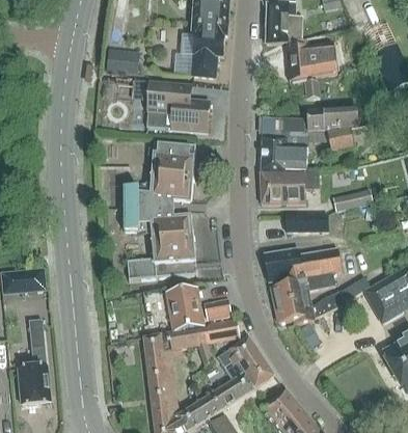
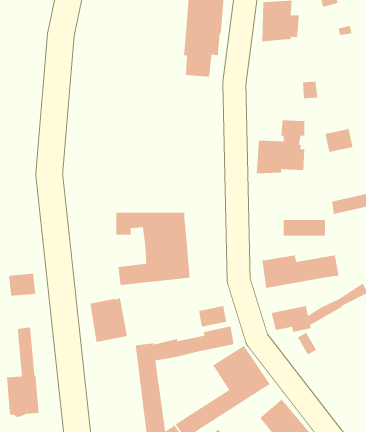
building: [105,42,139,69] -> none
building: [289,44,337,79] -> none
building: [145,80,210,133] -> none
building: [306,105,357,130] -> none
building: [123,139,195,207] -> none
building: [260,170,319,202] -> none
building: [270,270,335,304] -> none
building: [166,286,203,330] -> [89,297,128,343]

